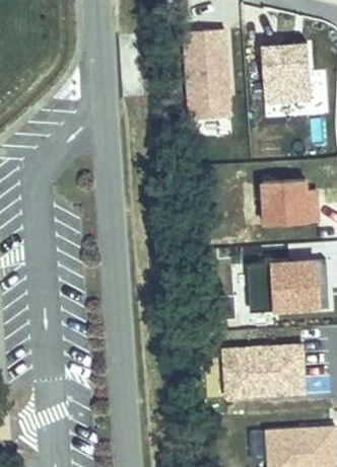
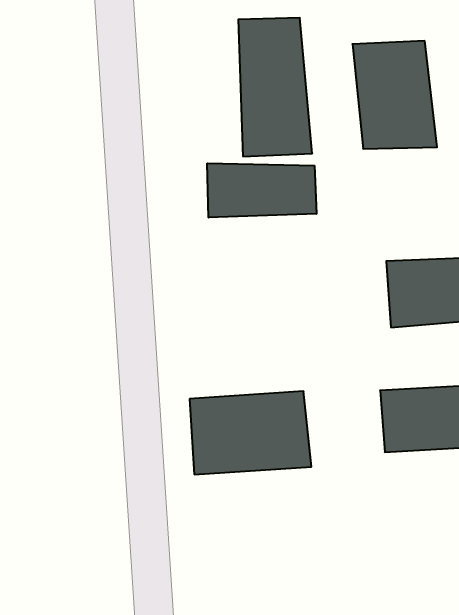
building: none -> [207,163,316,218]
building: [230,336,311,391] -> [190,391,311,474]

